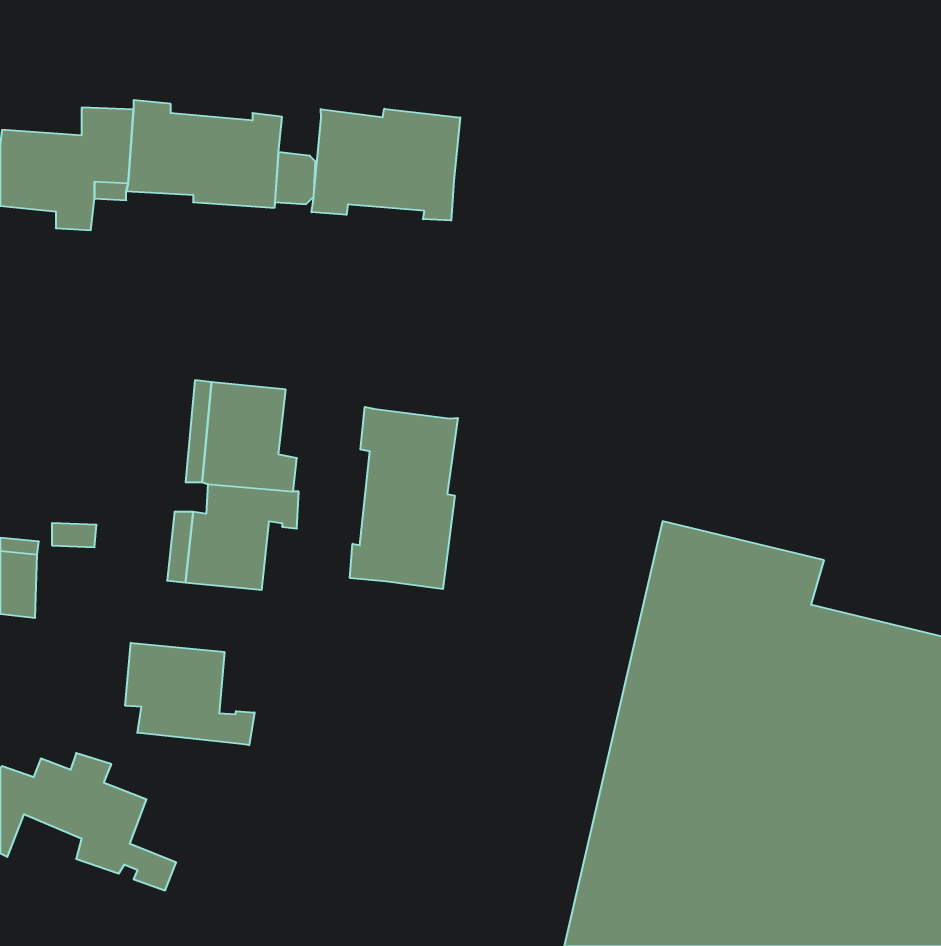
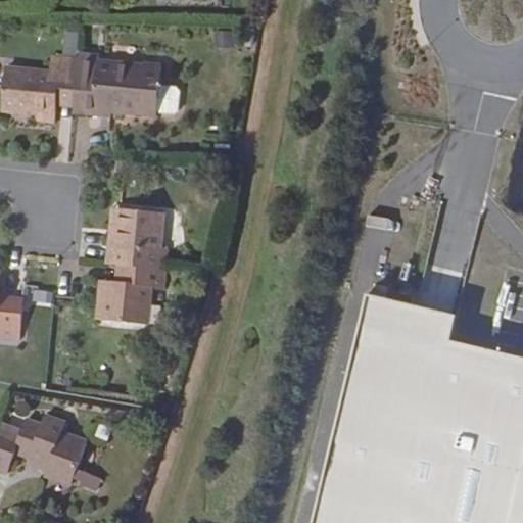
building: [312,109,460,221] -> none
building: [350,407,458,589] -> none
building: [125,643,255,745] -> none

